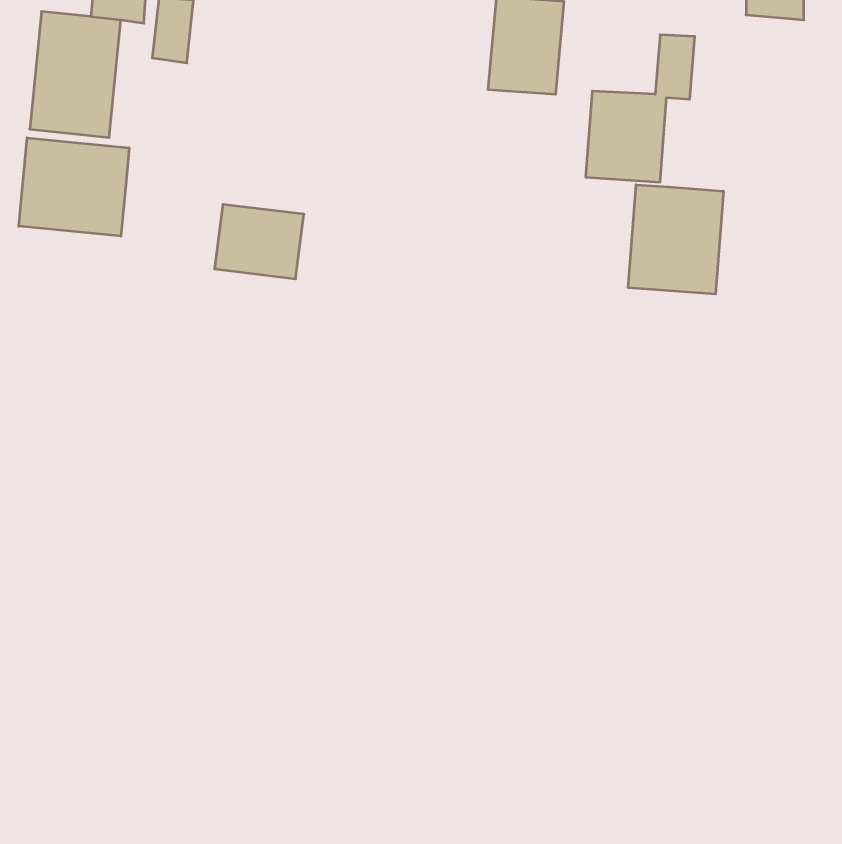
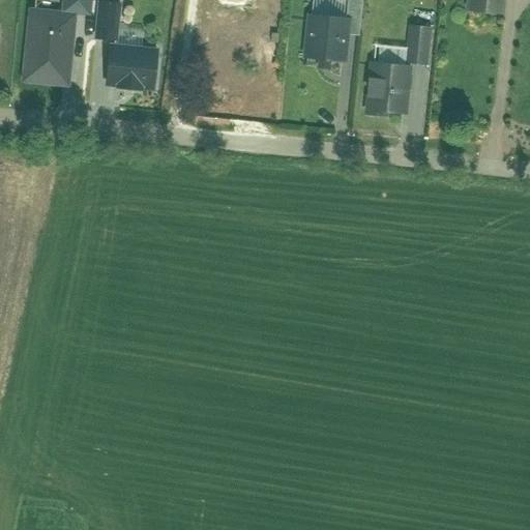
building: [19,138,129,236] -> none
building: [628,185,723,294] -> none
building: [215,204,304,279] -> [108,42,164,89]

